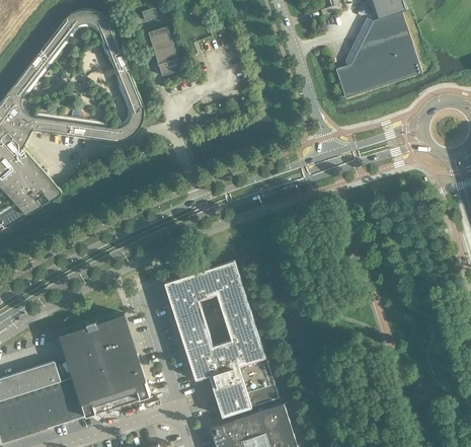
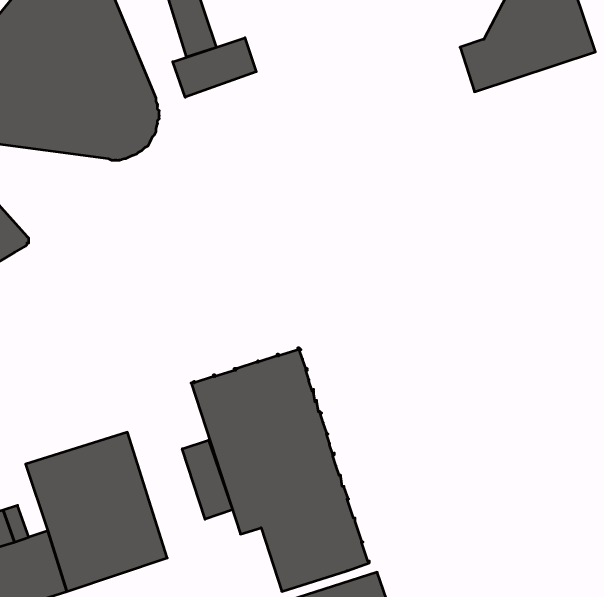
building: none -> [173,38,256,97]
building: none -> [182,440,232,519]

